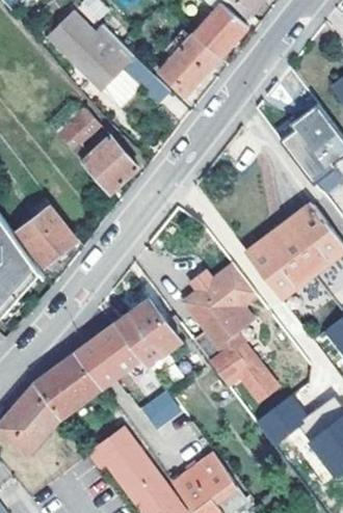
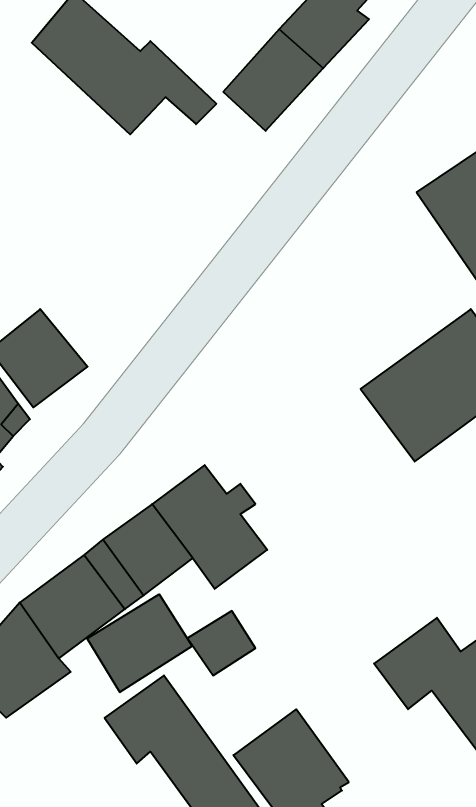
building: [55,106,138,192] -> none
building: [184,264,274,401] -> none
building: none -> [87,594,192,692]

